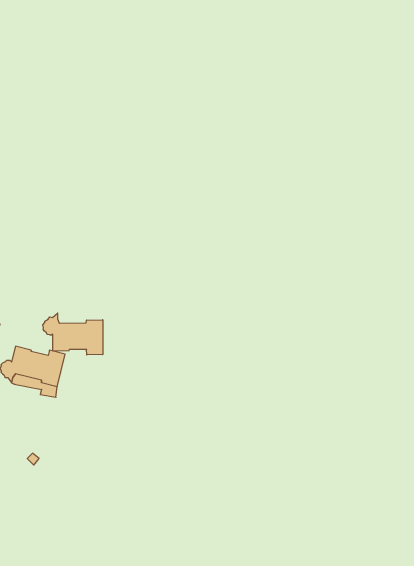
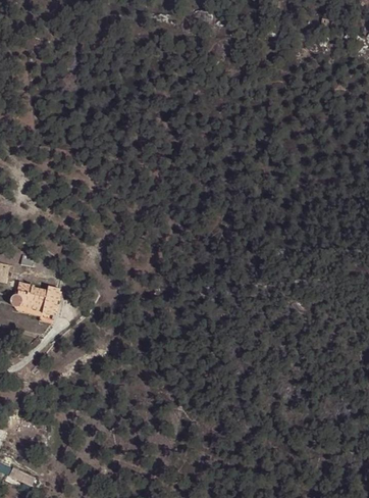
building: [43,313,103,355] -> none

